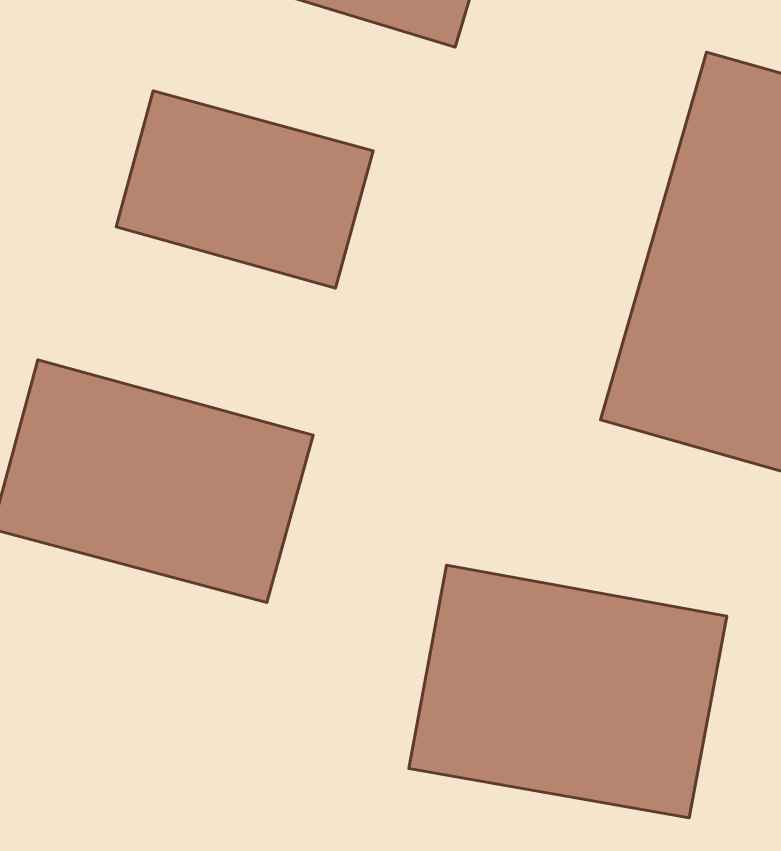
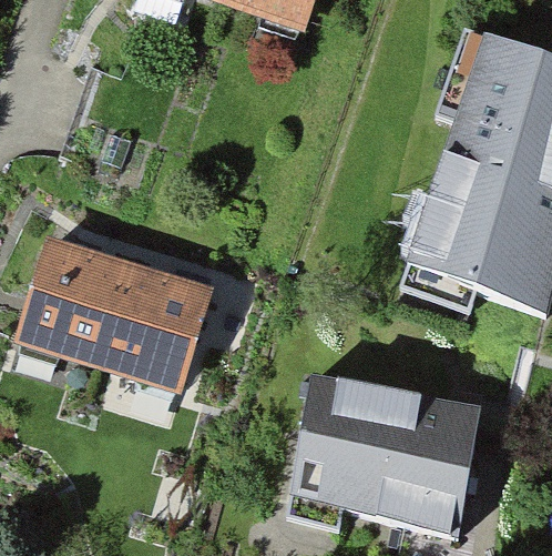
building: [116,91,373,288] -> none

